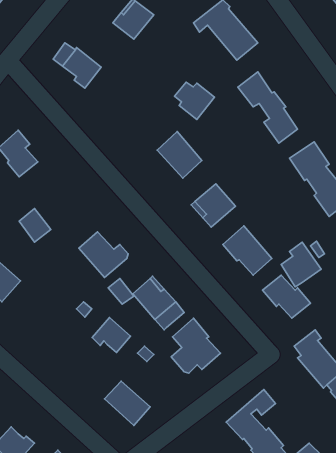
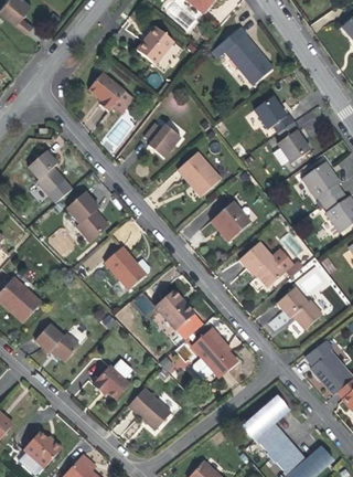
building: [175,82,214,119] -> [143,124,181,159]
building: none -> [66,193,108,242]
building: none -> [35,325,81,363]
building: [92,318,131,353] -> [92,367,128,400]

